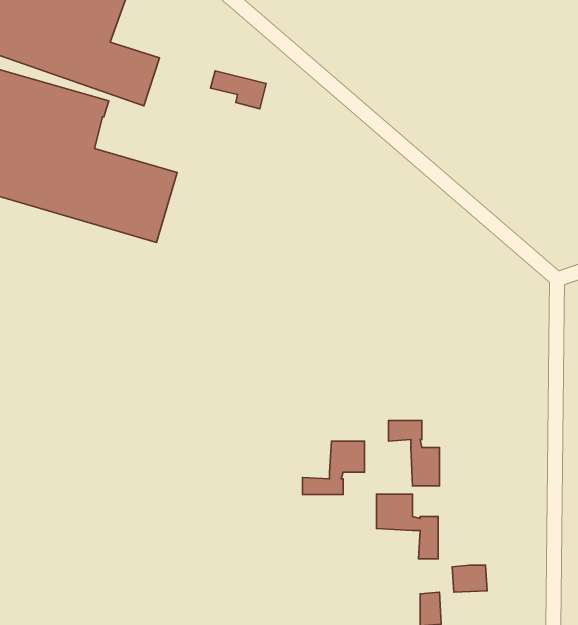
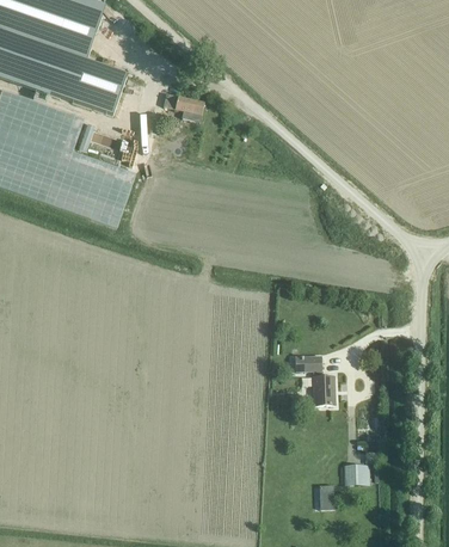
building: [302,441,365,495] -> none
building: [376,494,438,559] -> none

